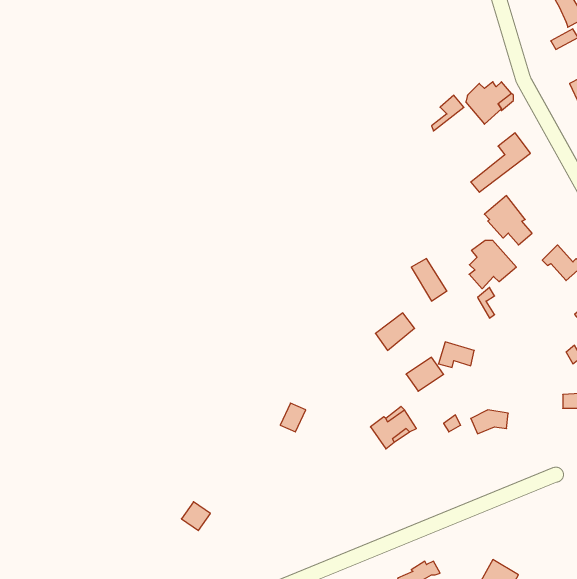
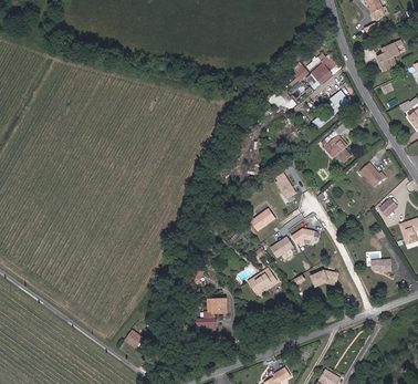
building: [469,240,516,289] -> none
building: none -> [196,299,226,331]

